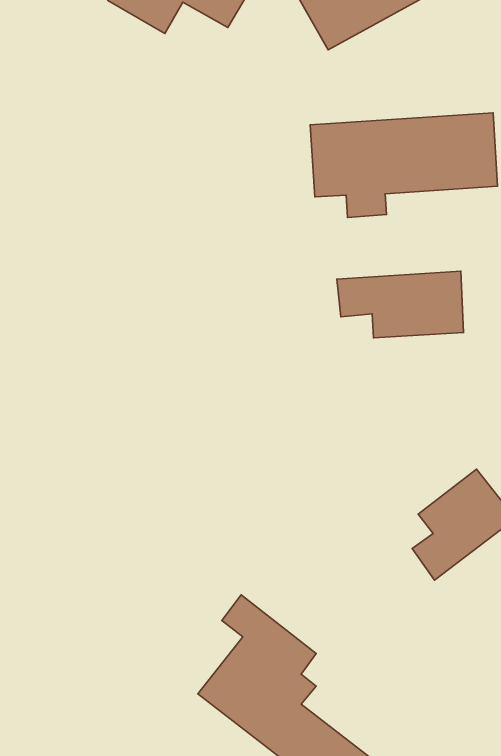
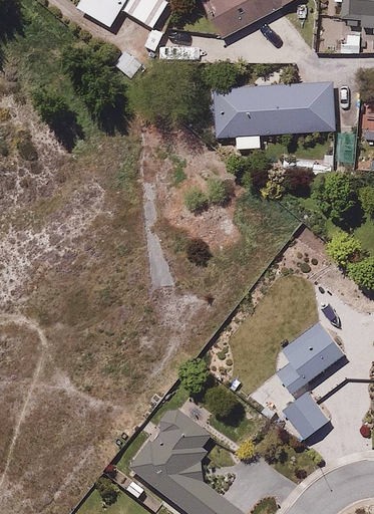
building: [337,271,463,338] -> none
building: none -> [282,390,328,438]

